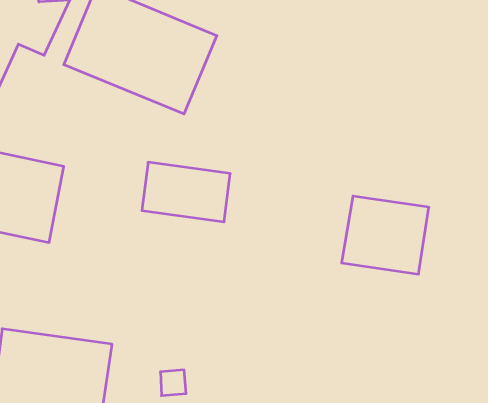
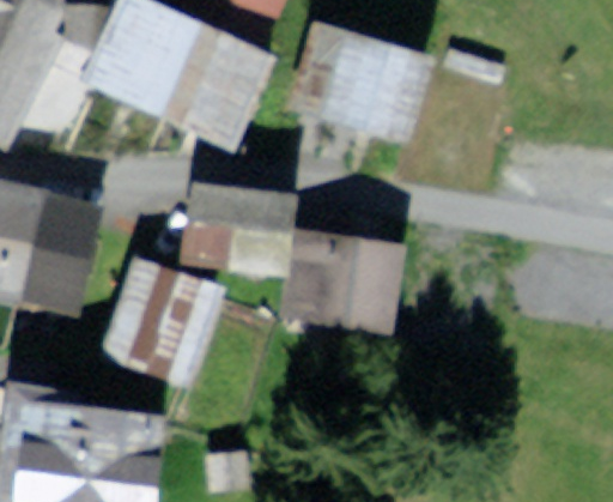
building: none -> [289,23,431,138]
building: [342,196,429,274] -> [296,235,397,326]
building: none -> [114,264,206,370]

